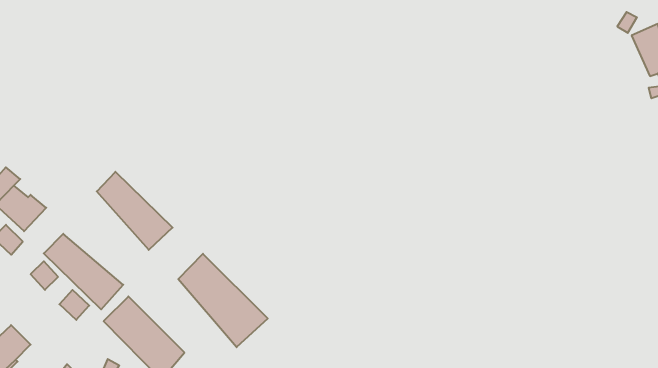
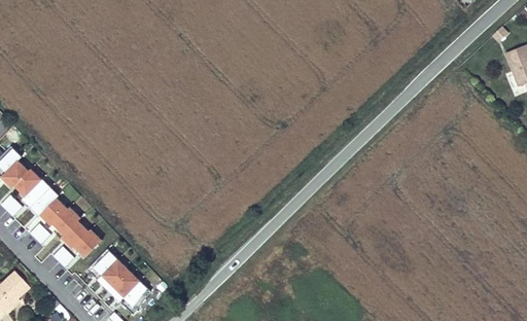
building: [97,172,173,250] -> none
building: none -> [22,180,58,214]
building: [178,254,268,347] -> none

